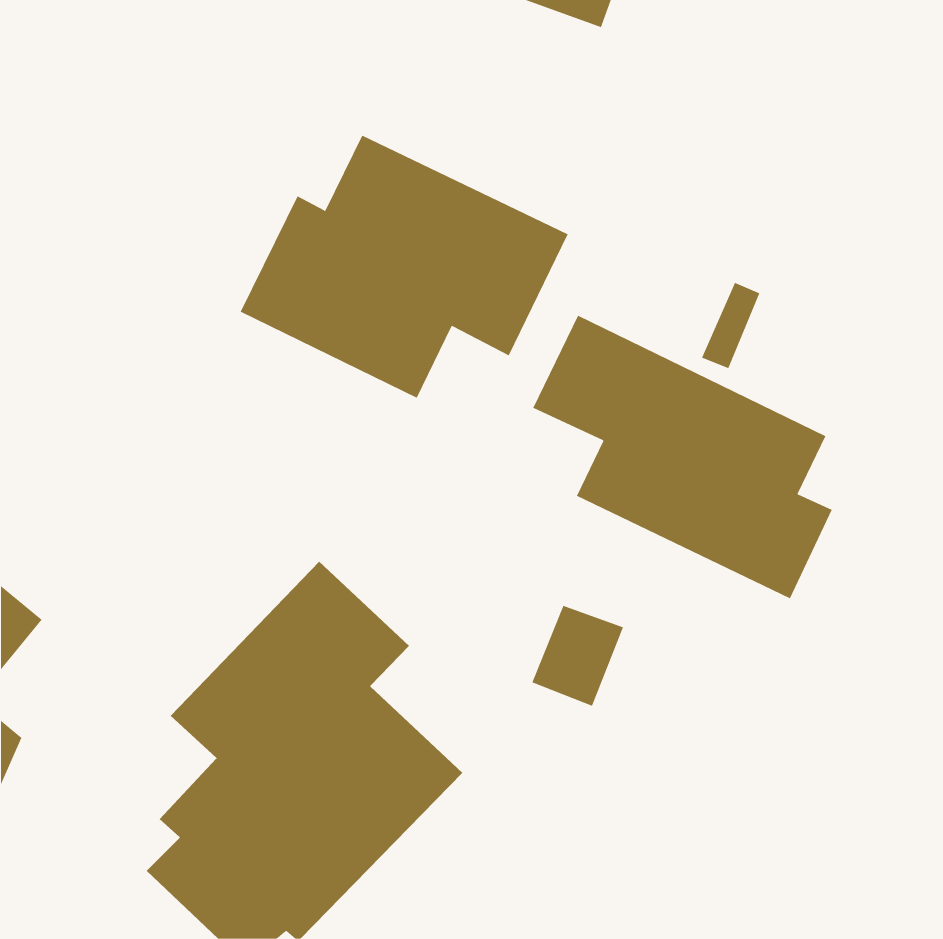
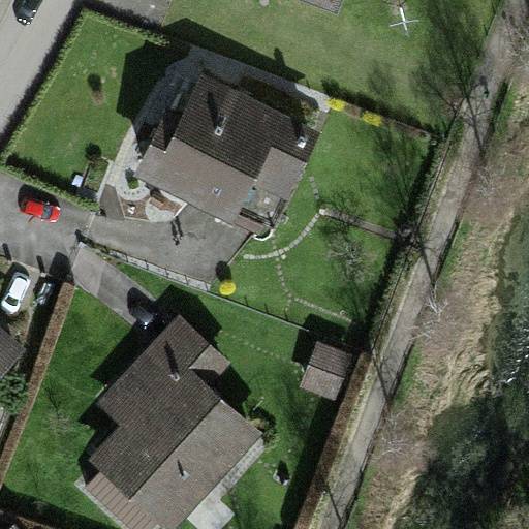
building: [532,315,833,599] -> none

